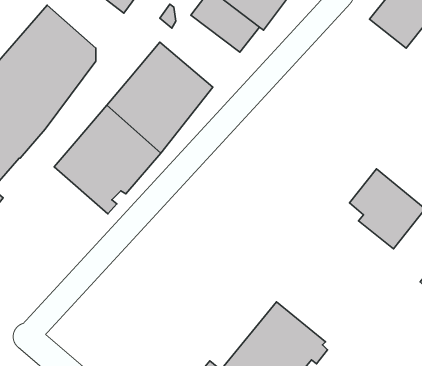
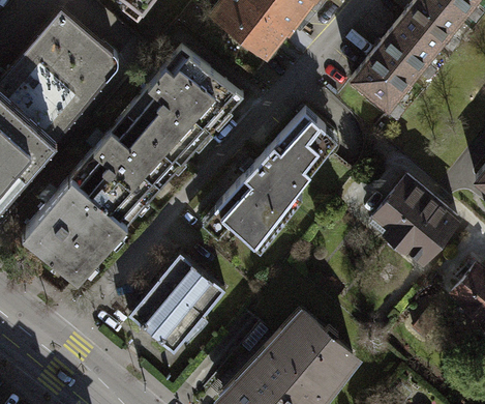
building: none -> [352,23,436,112]
building: none -> [216,110,328,248]
building: none -> [22,176,127,280]
building: none -> [127,256,225,353]

